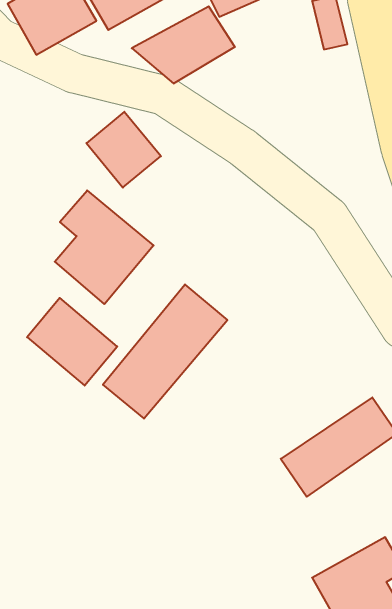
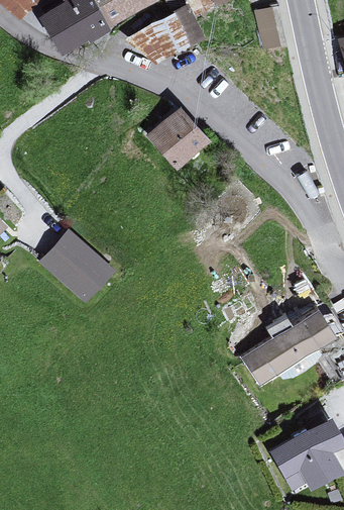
building: [86,112,161,188] -> [152,109,210,168]
building: [55,190,154,304] -> none
building: [103,284,227,419] -> none

